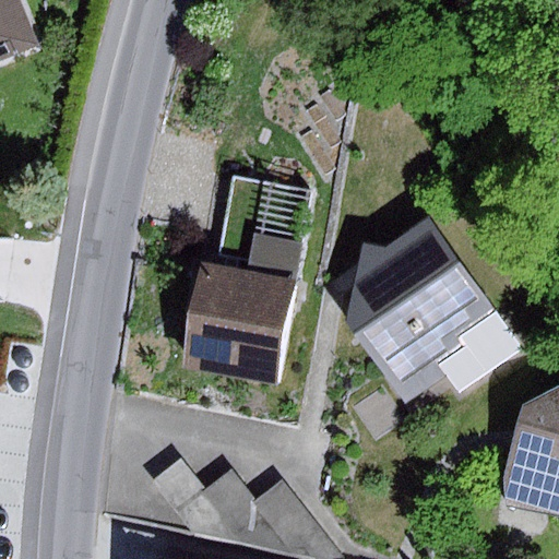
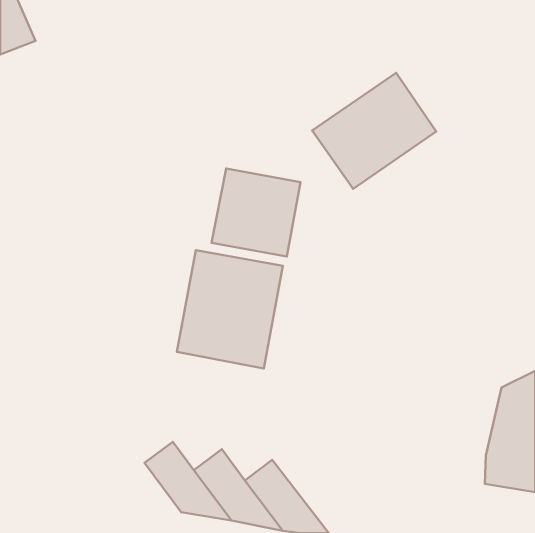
building: none -> [312,73,436,189]
building: [346,218,491,407] -> none

